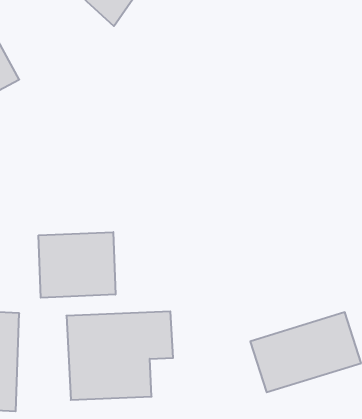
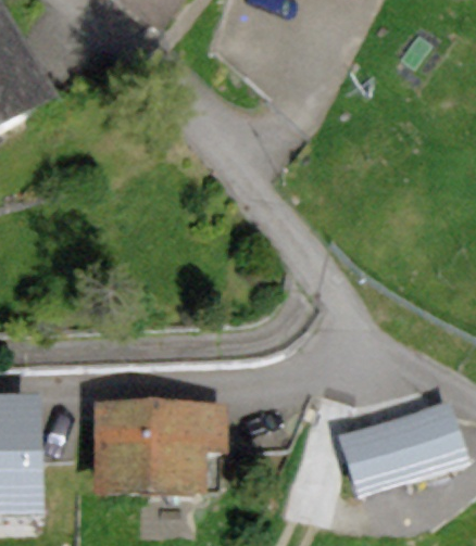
building: [39,232,115,298] -> none

